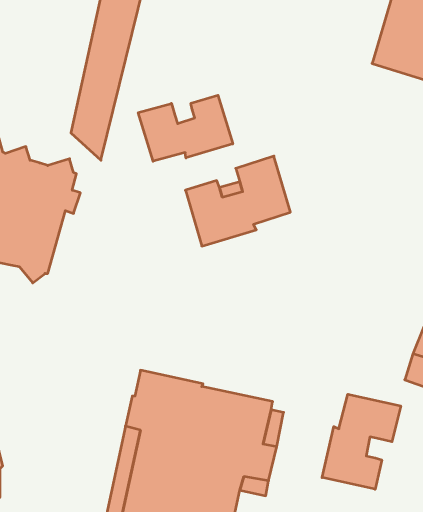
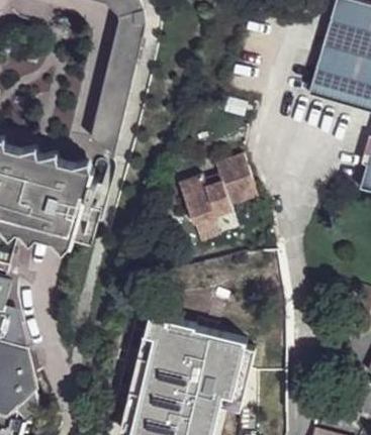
building: [138,95,233,161] -> none
building: [322,394,401,489] -> none

